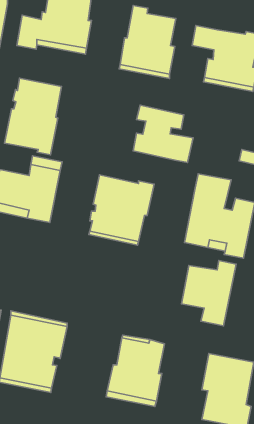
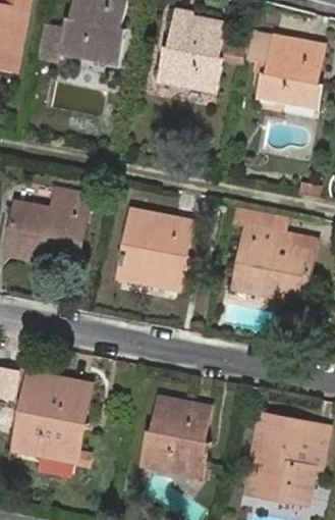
building: [4,78,61,155] -> none
building: [133,105,193,162] -> none
building: [181,260,236,326] -> none

